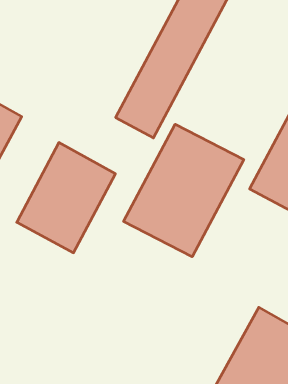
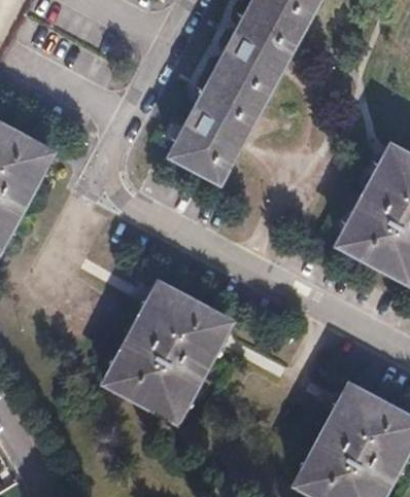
building: [124,124,244,257] -> none
building: [17,143,115,253] -> [105,289,229,427]

